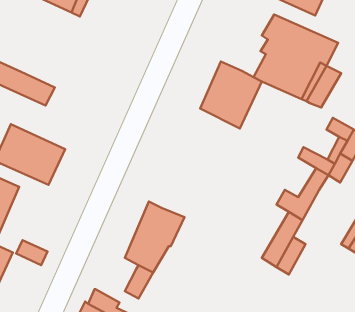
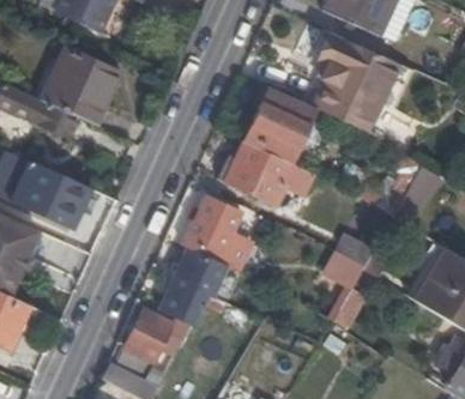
building: none -> [40,46,120,123]
building: none -> [224,140,312,202]
building: none -> [182,195,254,271]
building: none -> [125,310,171,363]

